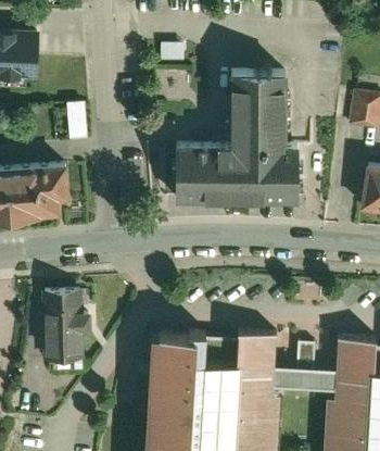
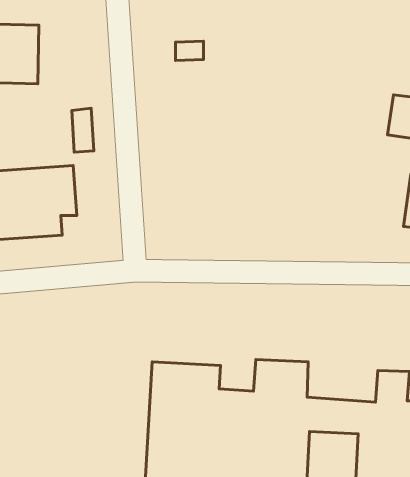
building: [177,65,297,205] -> none
building: [41,291,91,366] -> none

